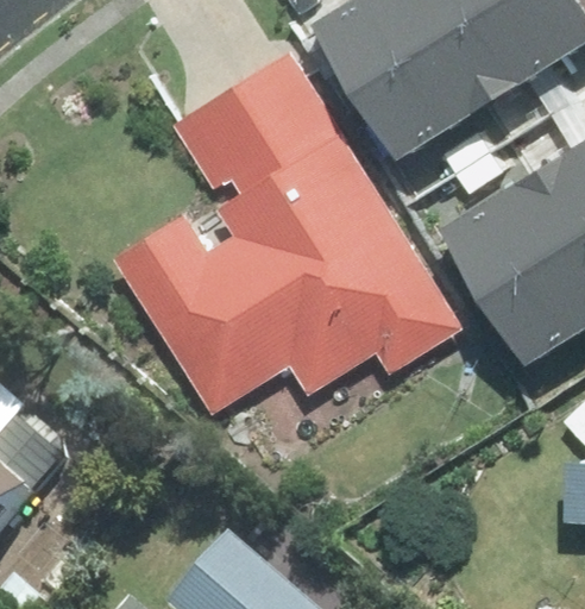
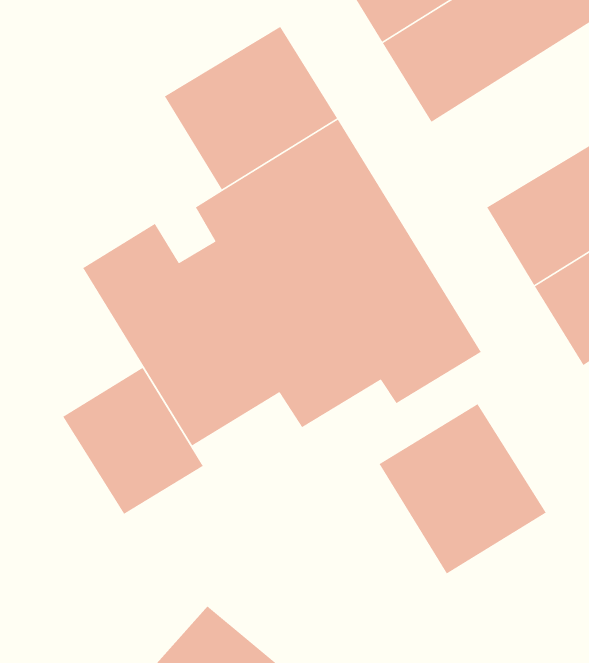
building: none -> [62,367,204,515]
building: none -> [378,403,547,574]

